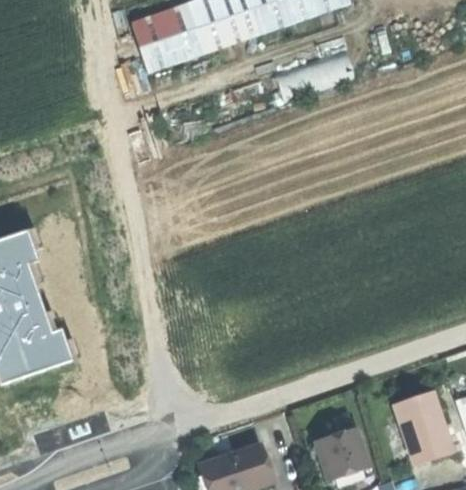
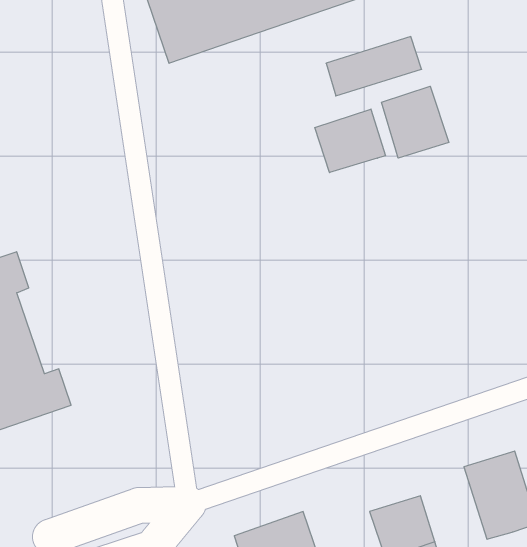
building: none -> [381,86,449,158]
building: none -> [315,109,385,173]

